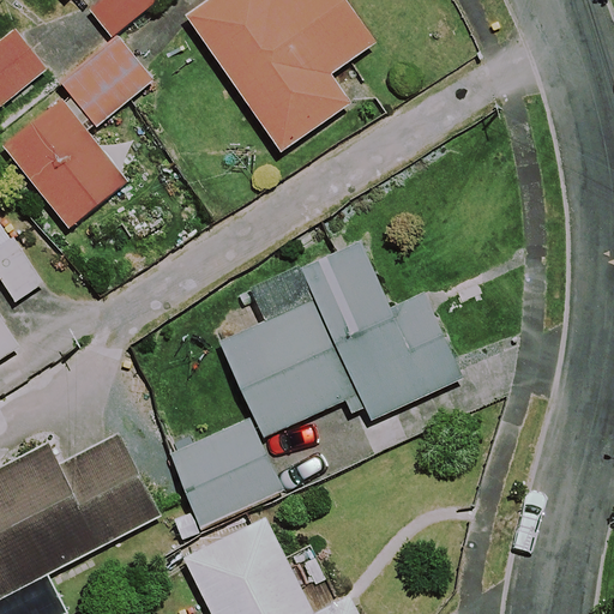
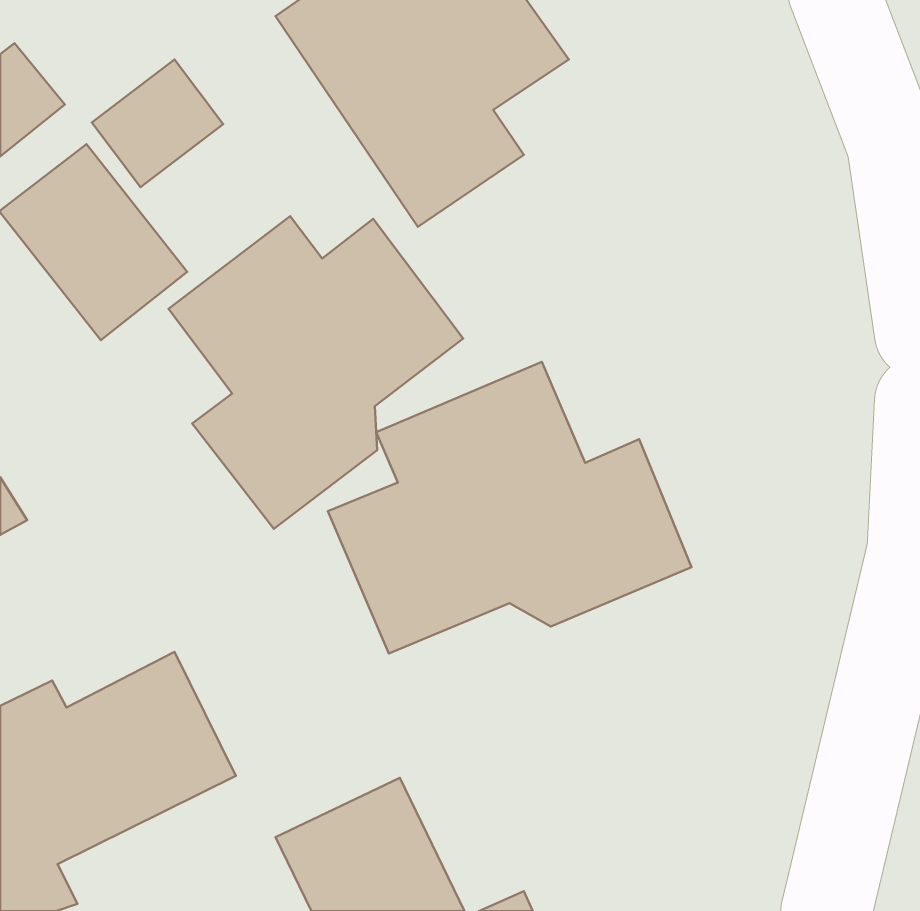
building: none -> [168,216,463,529]
building: [168,417,282,528] -> none

